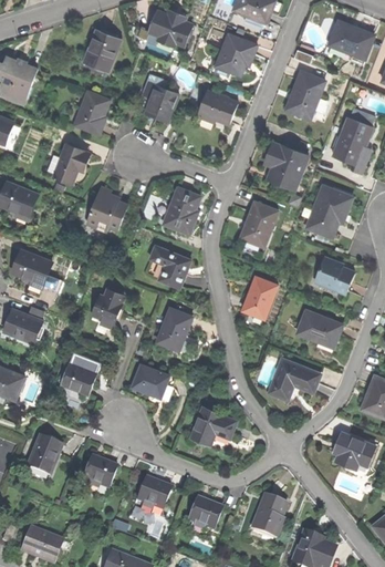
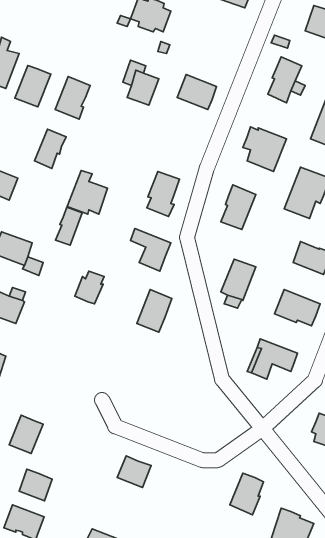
building: [84,31,121,73] -> [15,65,51,107]
building: [218,34,257,75] -> none
building: none -> [56,207,82,245]
building: [62,362,97,394] -> none
building: [133,364,169,398] -> none
building: [191,408,237,444] -> none
building: [84,455,117,487] -> [19,469,52,501]
building: [188,496,222,528] -> none

